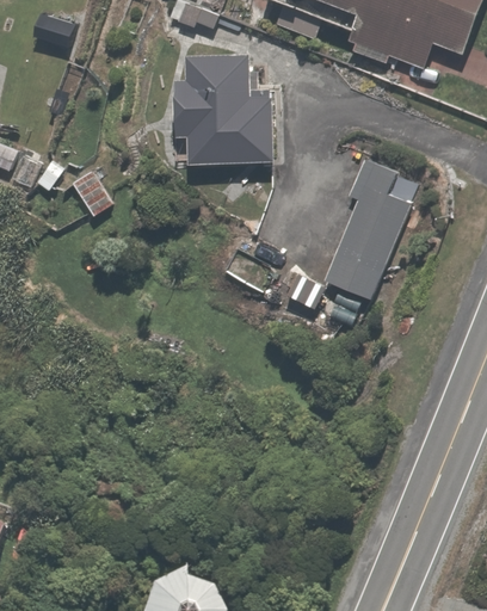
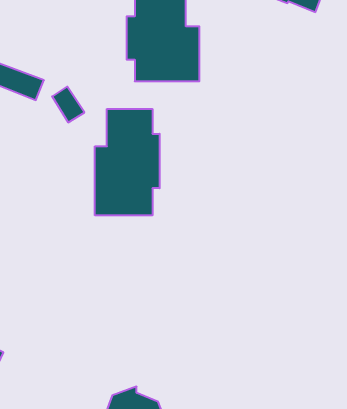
building: [320,158,423,298] -> none
building: none -> [95,109,160,215]

